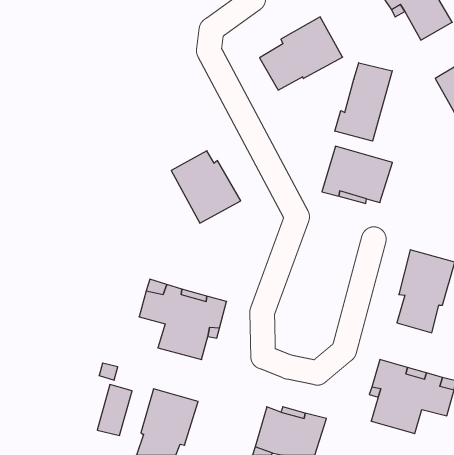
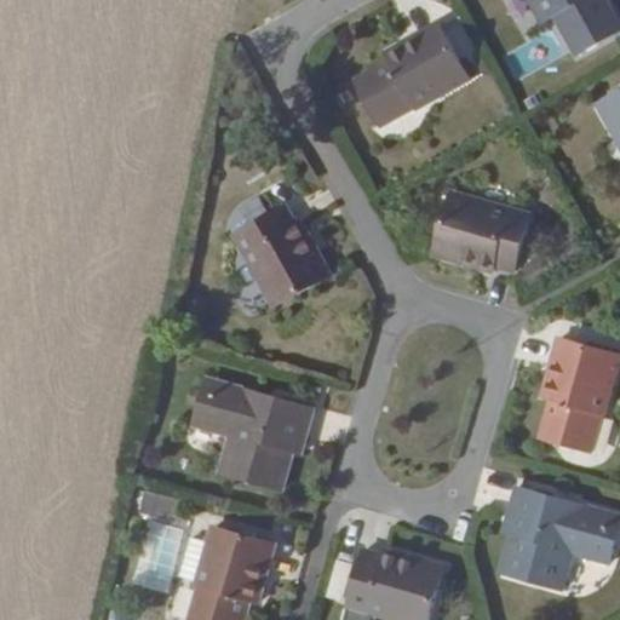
building: [335,63,392,141] -> none

